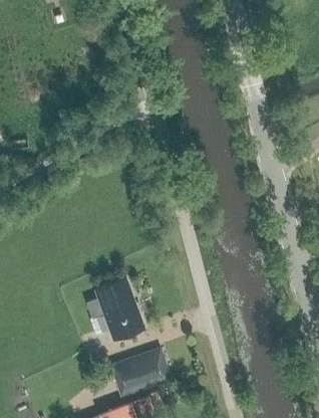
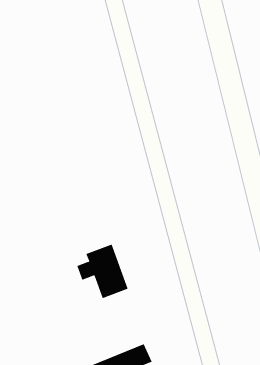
building: [111,351,169,396] -> none

